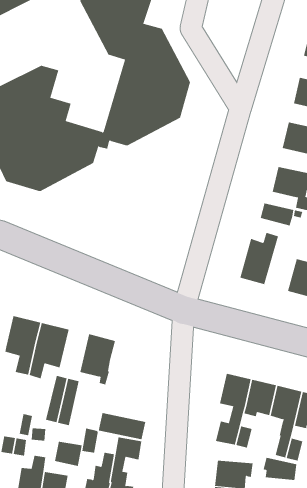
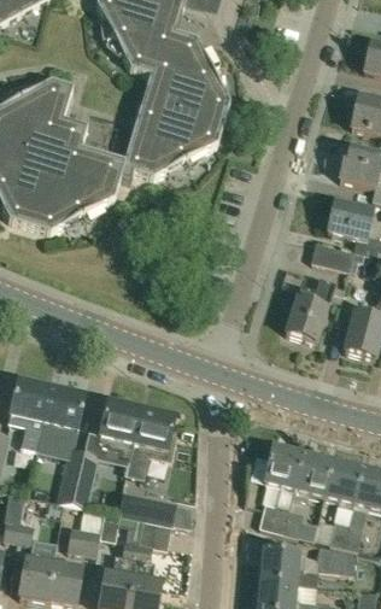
building: none -> [125,409,175,479]

